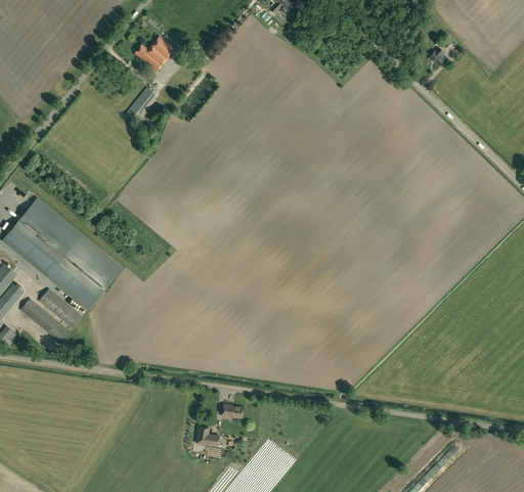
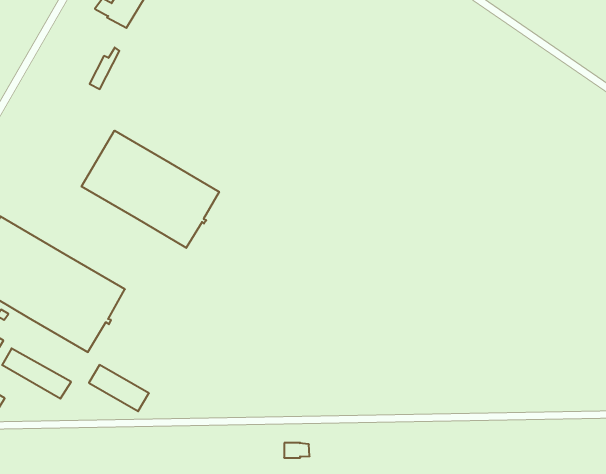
building: none -> [82,131,219,248]
building: [39,287,83,327] -> [89,365,149,411]

